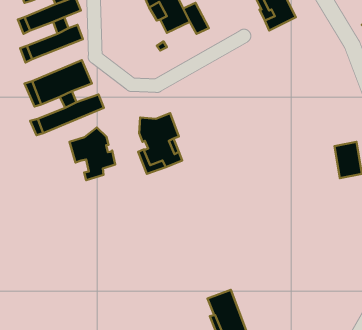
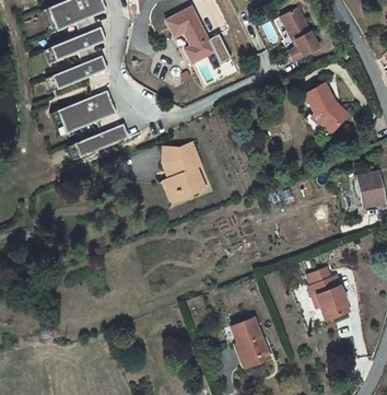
building: none -> [305,84,348,132]
building: [70,127,115,180] -> none
building: none -> [309,268,351,321]

